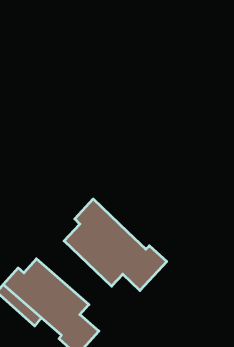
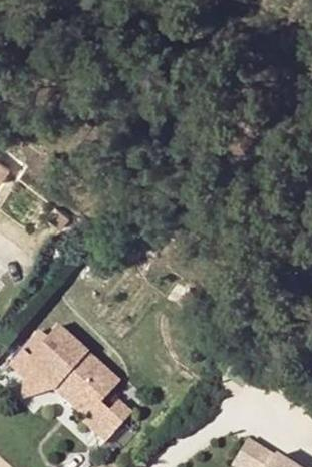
building: [64,199,167,291] -> none

